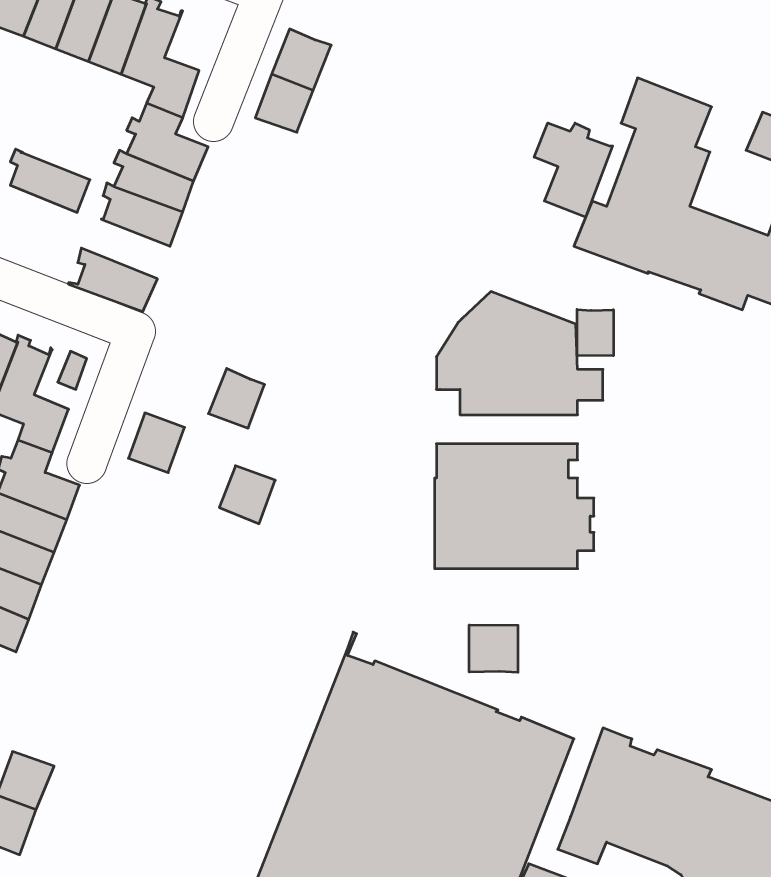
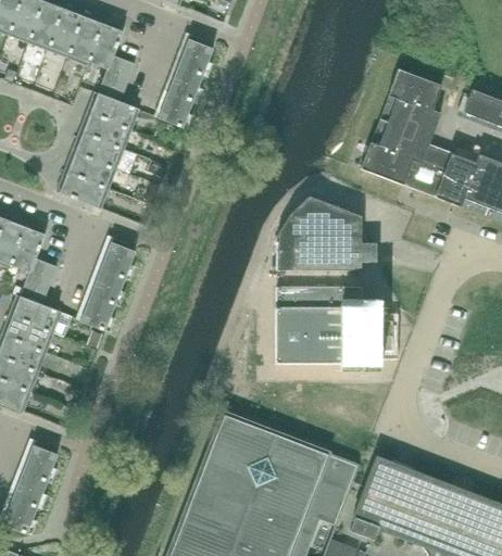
building: none -> [158,91,192,127]
building: [534,123,613,217] -> none
building: [10,149,90,212] -> [68,150,116,188]
building: [577,309,613,356] -> none
building: [208,368,265,428] -> [101,241,135,277]
building: [219,466,275,524] -> [81,295,115,330]
building: [469,625,518,672] -> none
building: none -> [22,444,57,480]

